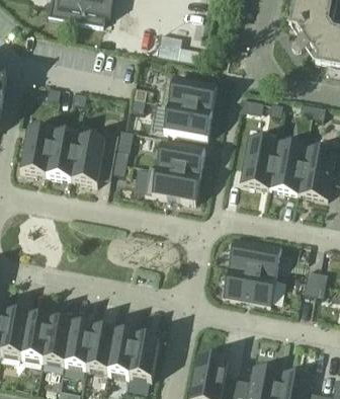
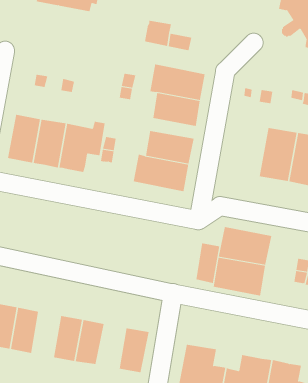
building: [240,129,279,183] -> none
building: none -> [196,243,220,284]
building: [46,317,74,363] -> none
building: [109,329,139,374] -> none

